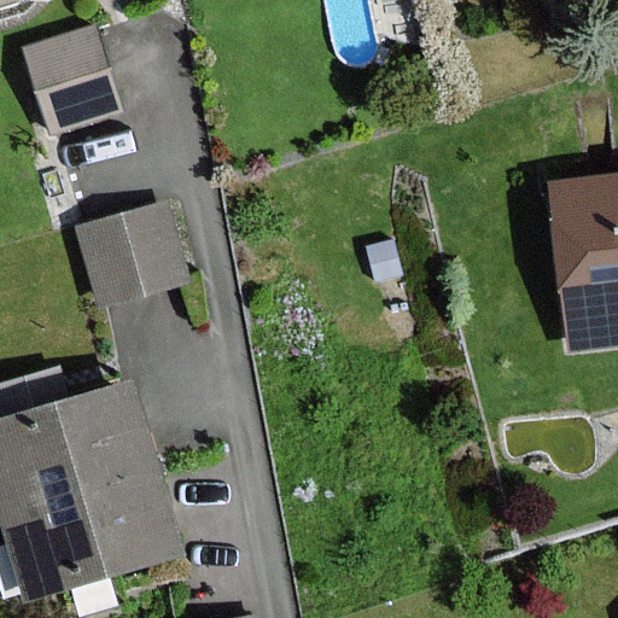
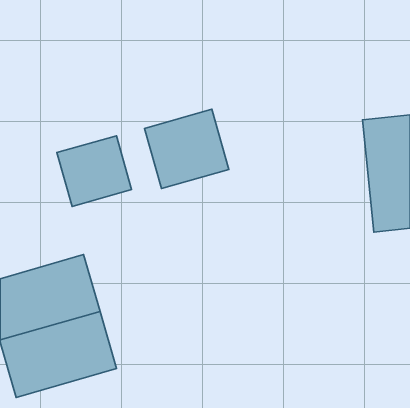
building: [18,25,116,126] -> none
building: none -> [145,109,229,189]

